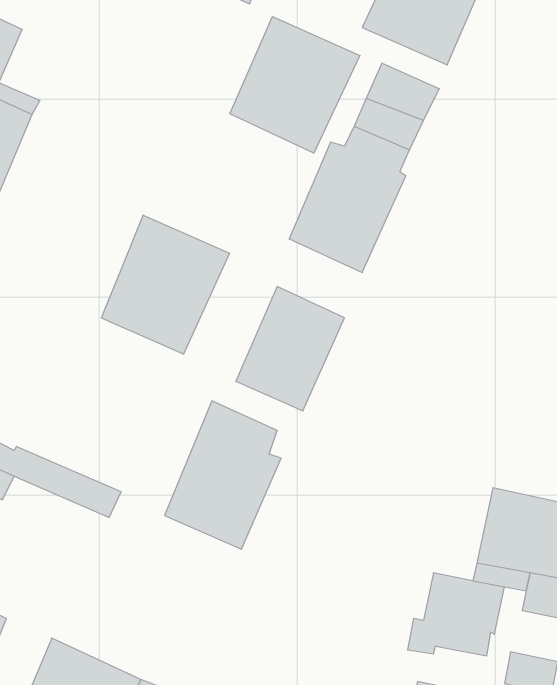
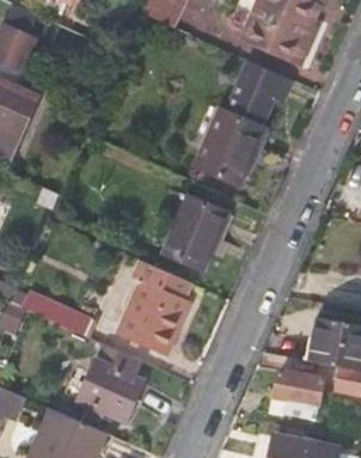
building: [230,17,360,153] -> none
building: [102,215,229,354] -> none
building: none -> [67,343,145,421]

